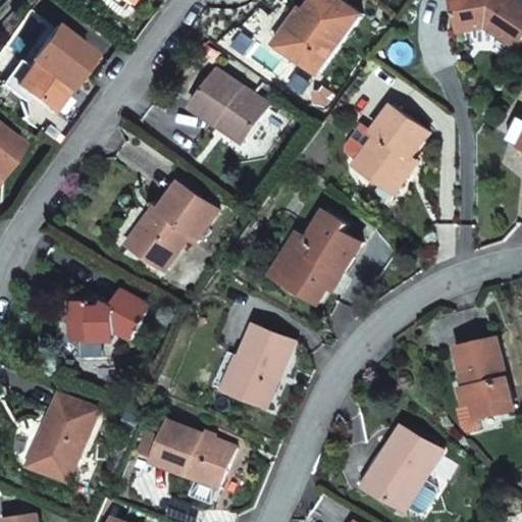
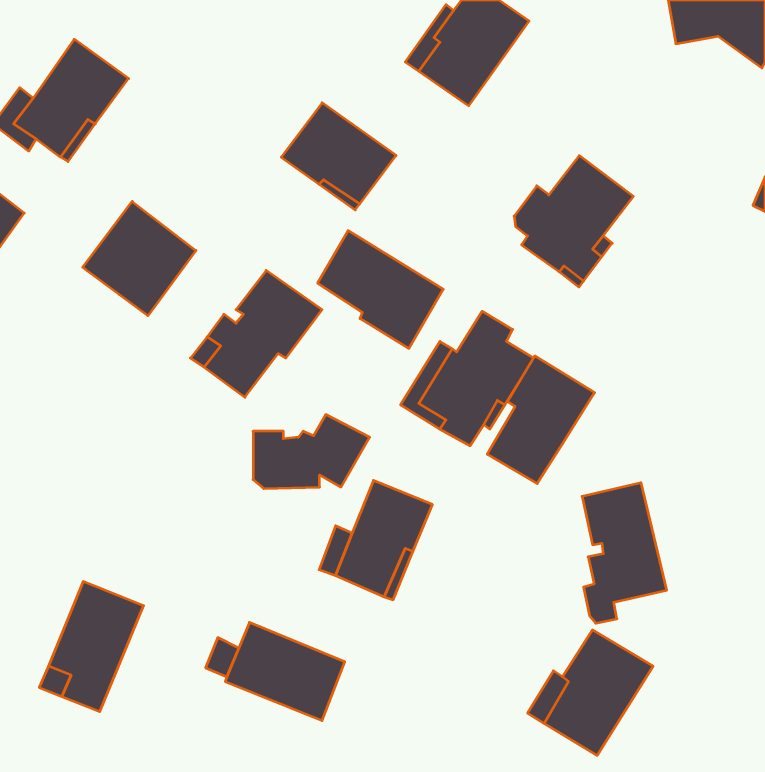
building: none -> [83,201,196,316]
building: none -> [318,231,443,348]
building: none -> [487,356,595,484]
building: [69,290,148,340] -> [253,415,370,489]
building: [455,337,512,432] -> [582,483,667,623]

